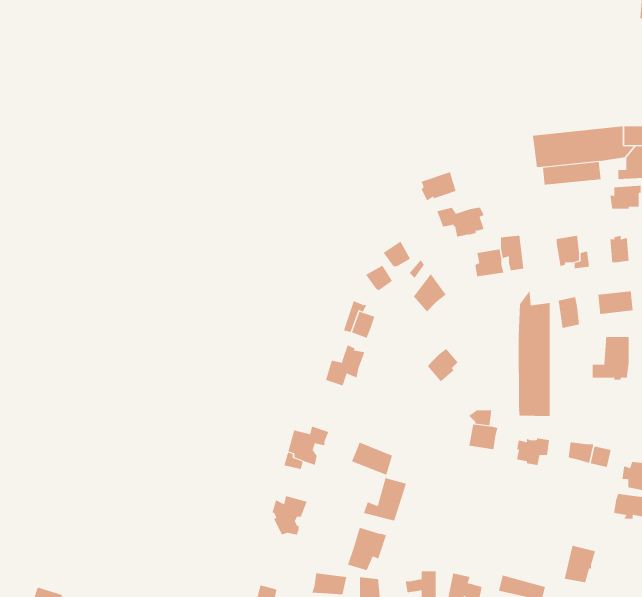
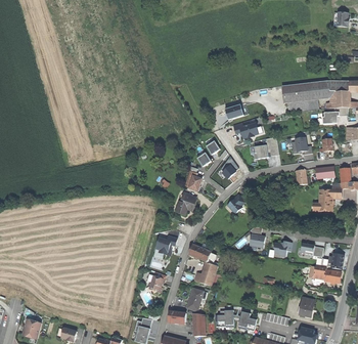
building: [518,290,550,417] -> none

